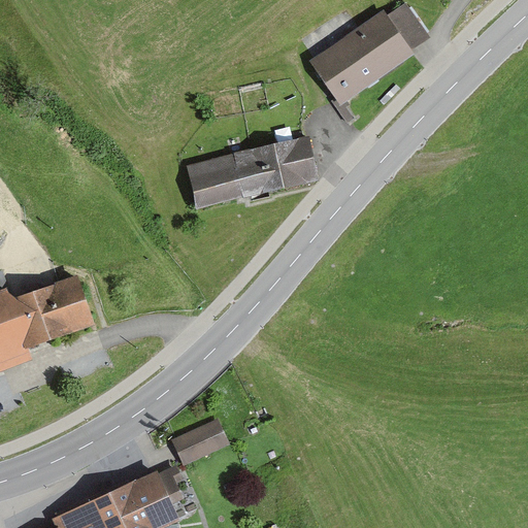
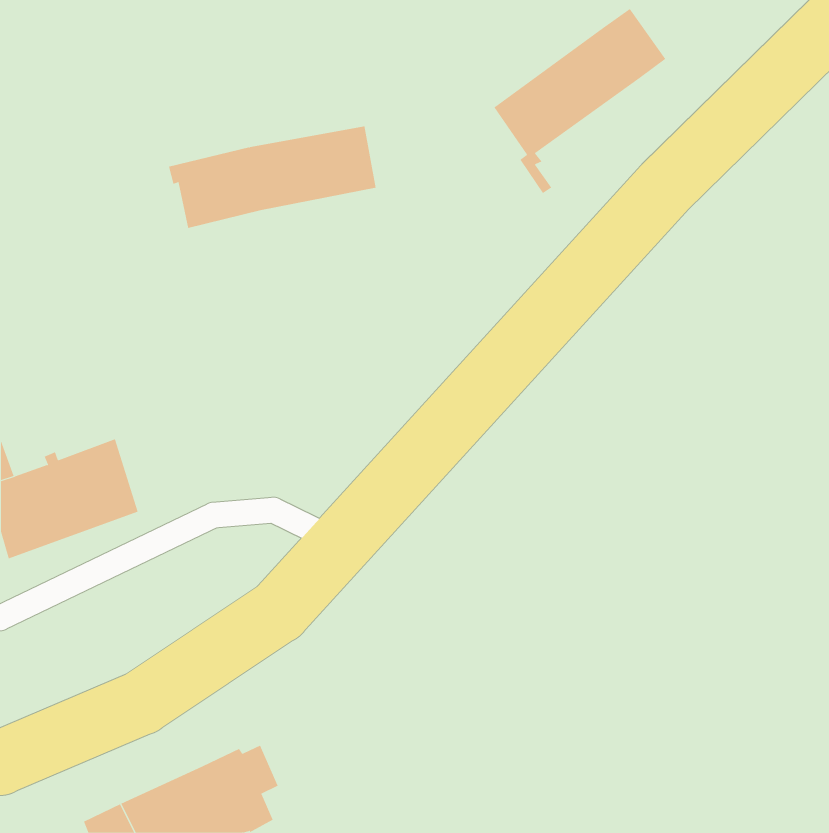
building: [183,139,315,204] -> [168,126,377,228]
building: [175,423,224,461] -> none

